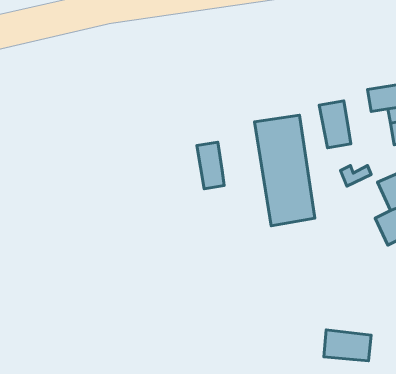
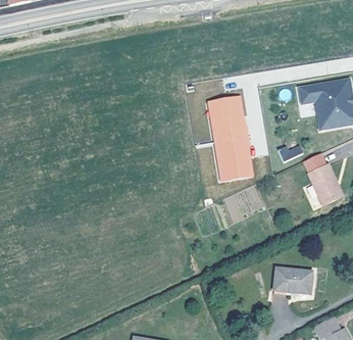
building: [319,101,351,148] -> none
building: [197,142,224,189] -> none

